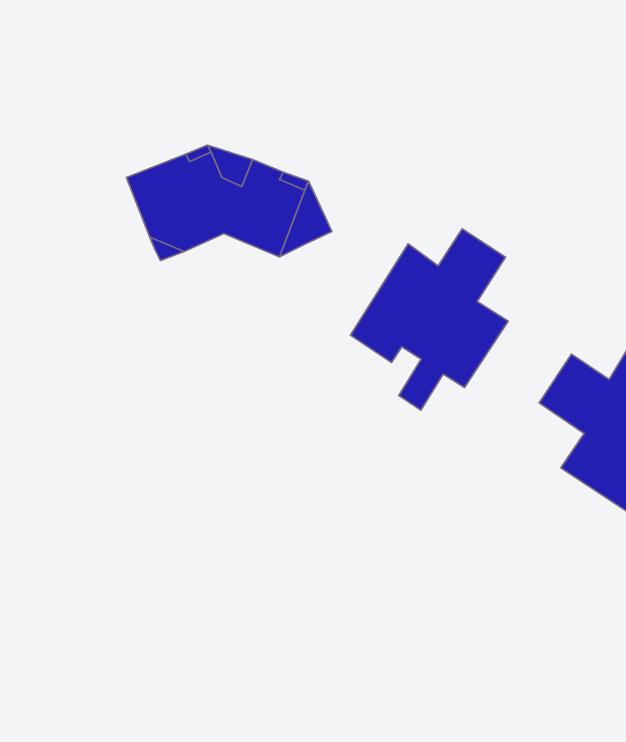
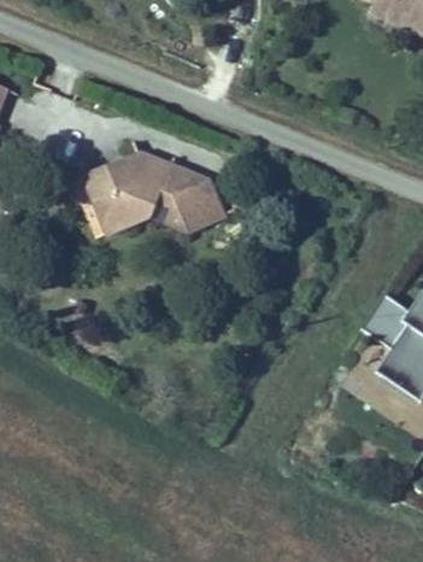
building: [350,229,508,410] -> none

